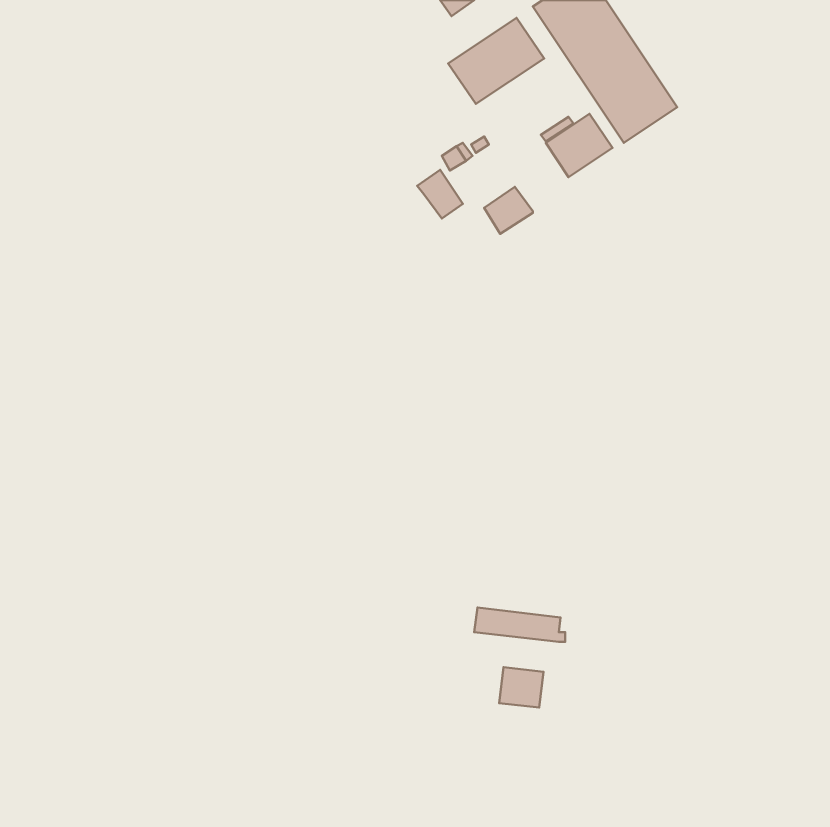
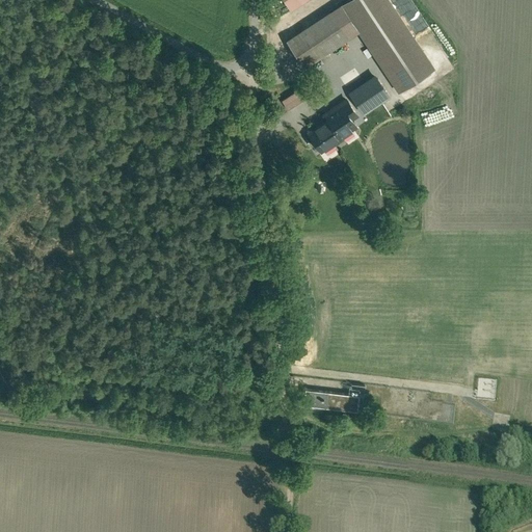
building: [417,170,463,218] -> [325,106,354,137]
building: [499,667,543,708] -> none

